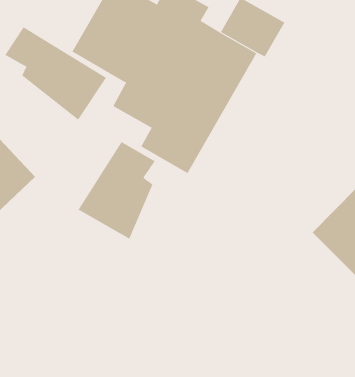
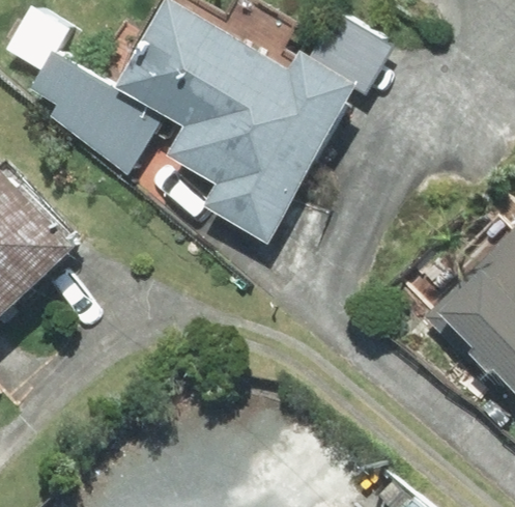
building: [78,141,156,240] -> none

